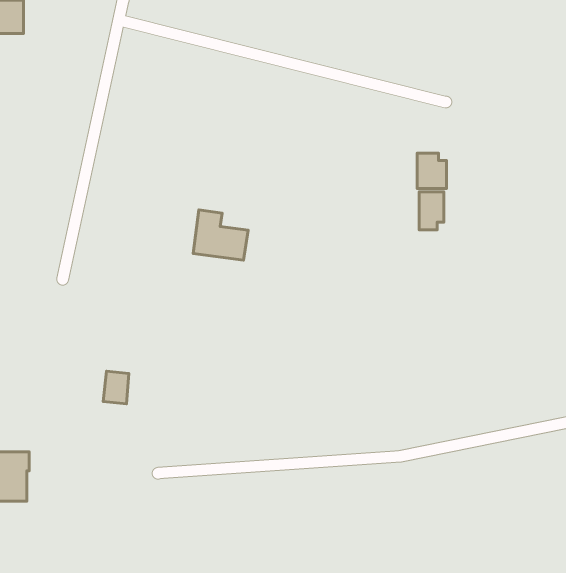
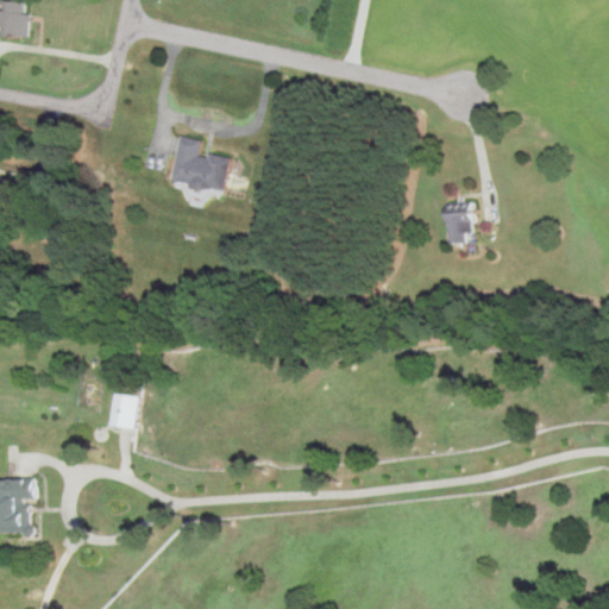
building: [417,153,447,189] -> none
building: [193,210,248,260] -> [170,137,228,190]

